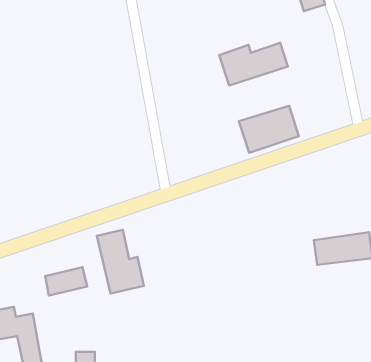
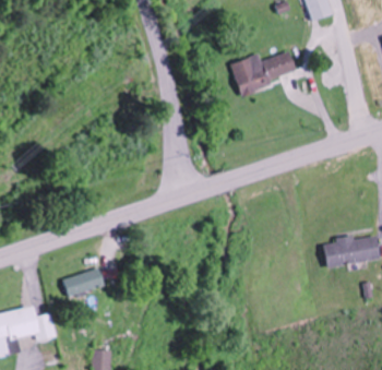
building: [239,106,299,153] -> none
building: [97,230,144,294] -> none

